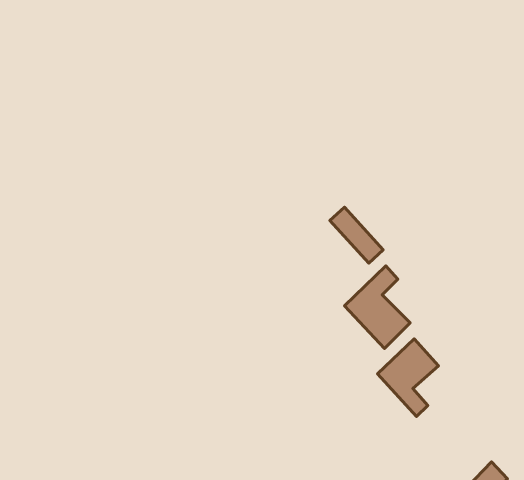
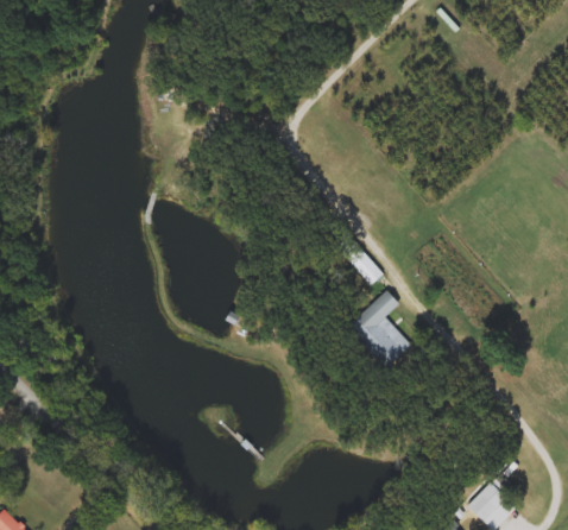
building: [377,339,439,416] -> none

